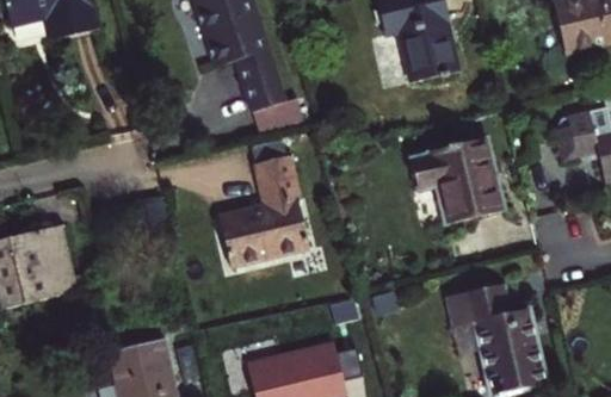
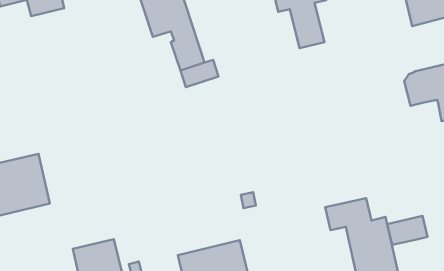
building: [411,138,505,224] -> none
building: [218,155,309,267] -> none
building: none -> [387,216,428,245]

